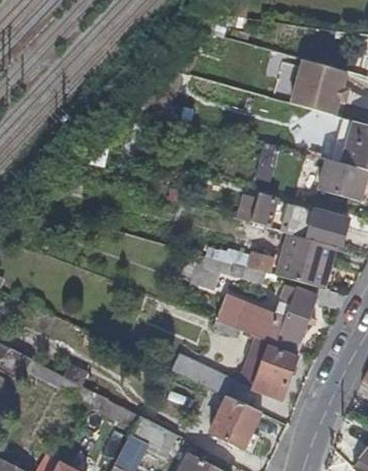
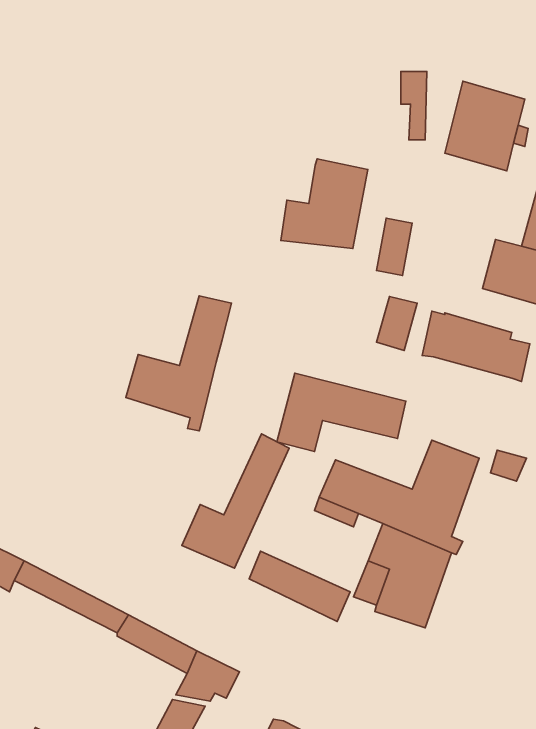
building: none -> [281,159,368,249]
building: none -> [126,296,231,431]
building: [275,231,336,289] -> none
building: none -> [182,434,289,568]
building: [211,396,261,450] -> none

